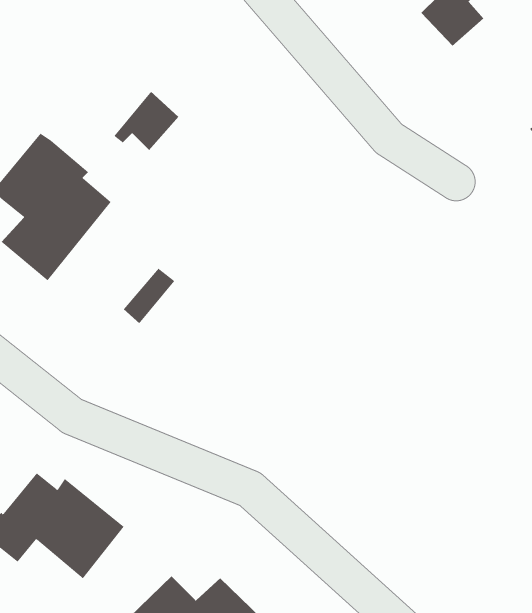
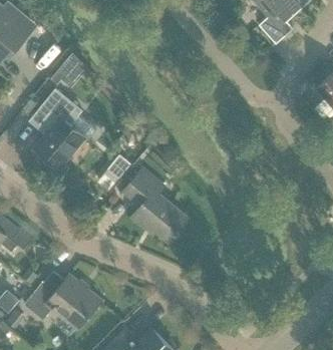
building: [113,91,179,151] -> [51,55,86,87]
building: none -> [122,168,188,241]

